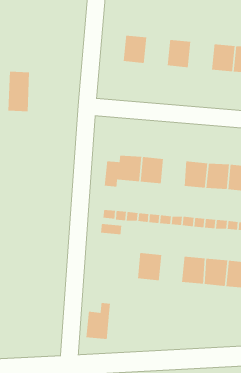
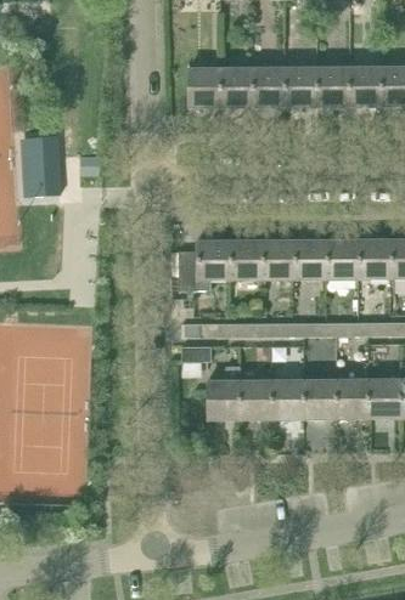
building: none -> [220,68,253,107]
building: none -> [285,68,317,107]
building: none -> [261,240,294,278]
building: none -> [272,378,304,418]
building: [86,302,111,340] -> [208,364,240,418]

